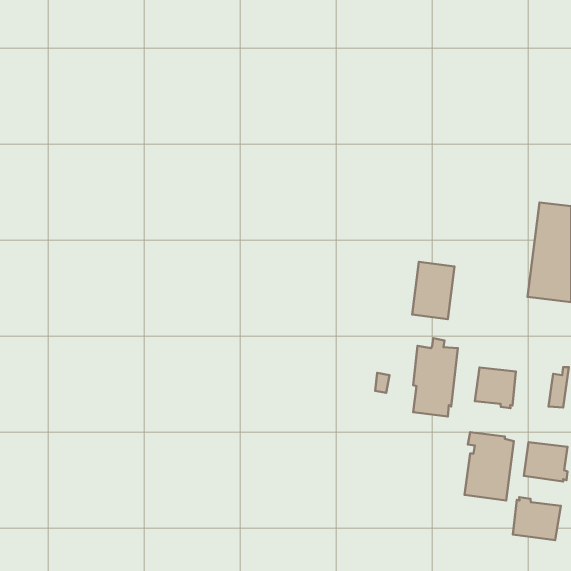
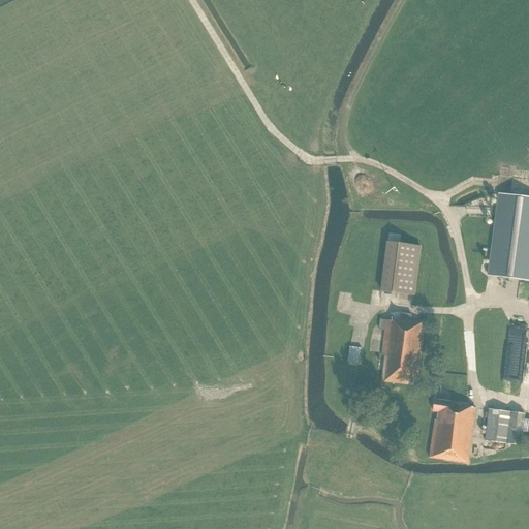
building: [475,367,516,408] -> none
building: [513,497,561,540] -> none

